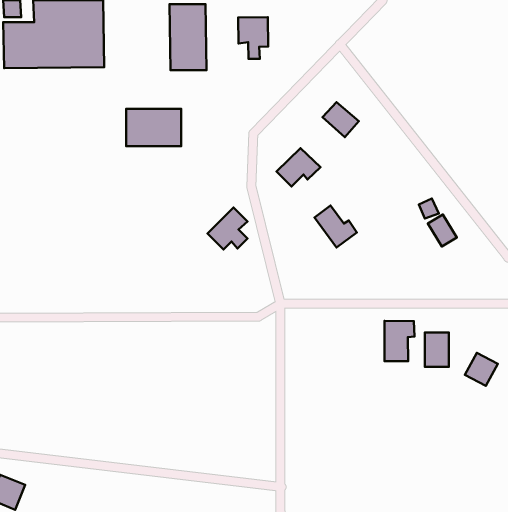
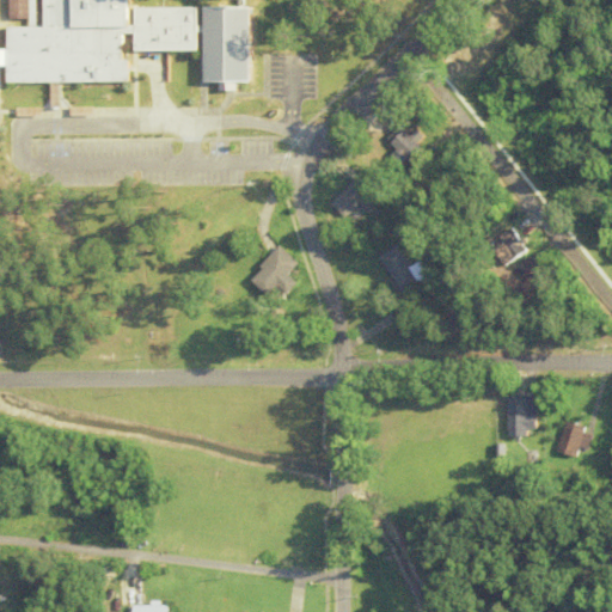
building: [238,17,268,59] -> none
building: [126,109,181,146] -> [131,8,197,53]
building: [384,321,415,361] -> none

